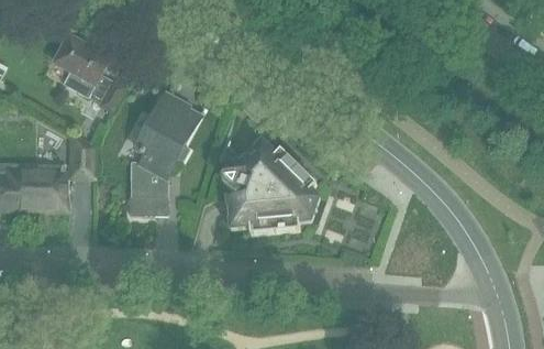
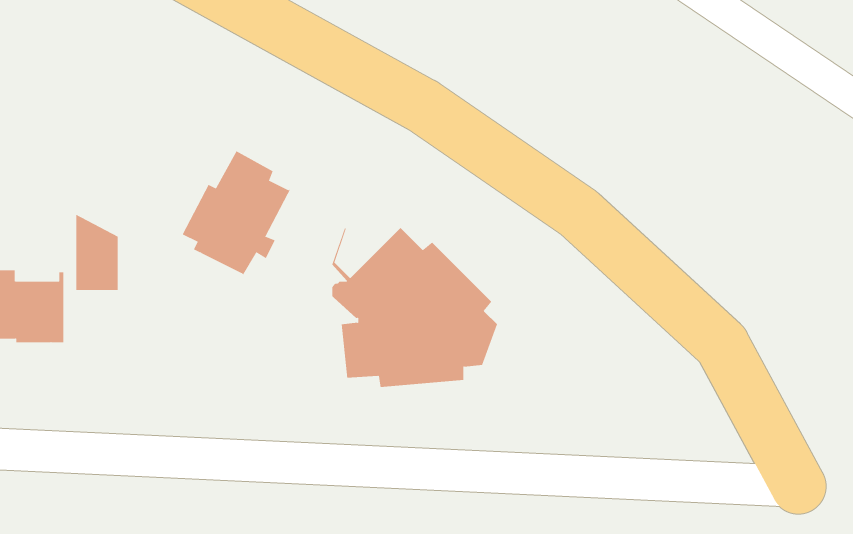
building: [54,34,125,109] -> none
building: [130,154,168,215] -> none

